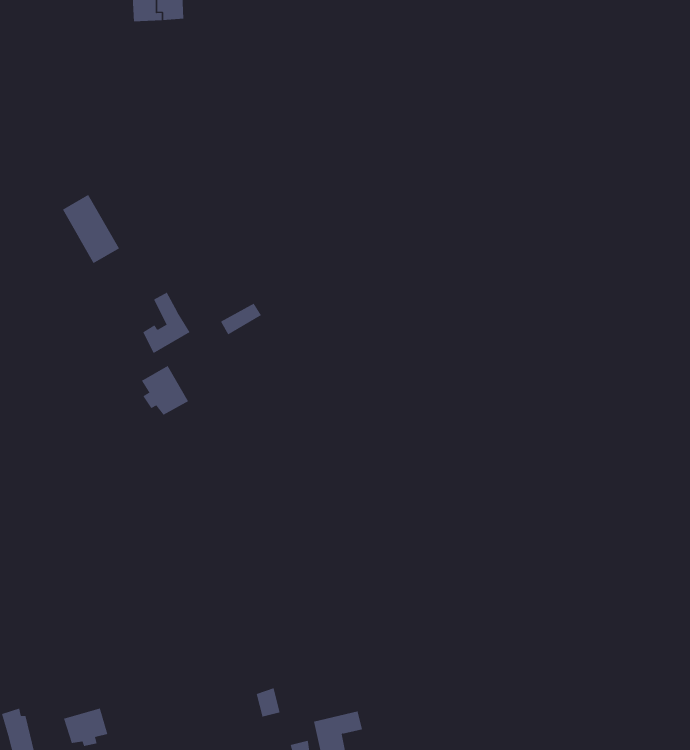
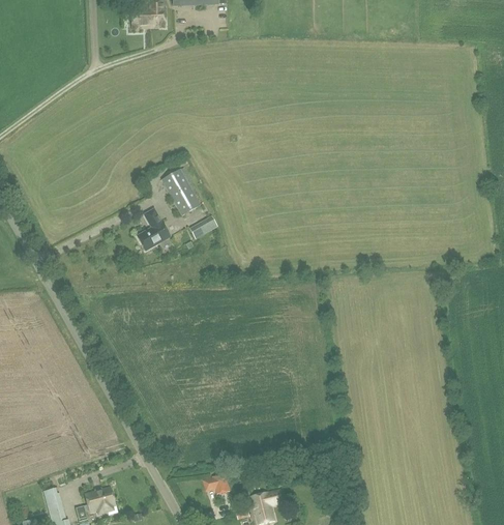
building: [62,194,120,264] -> [161,168,200,214]
building: [141,365,189,416] -> none

